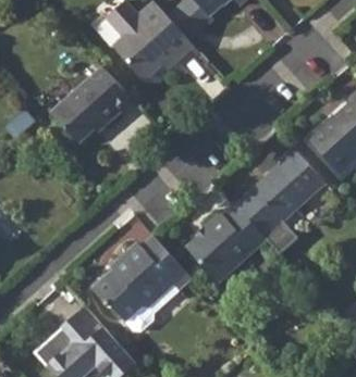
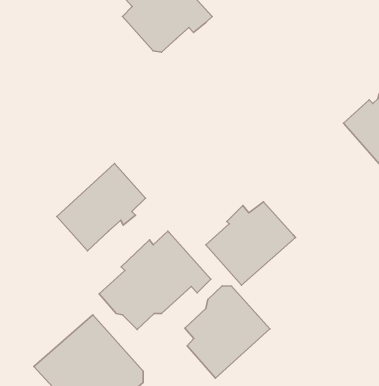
building: [50,65,128,142] -> [57,164,145,251]
building: [234,147,324,238] -> none
building: none -> [185,286,270,378]

